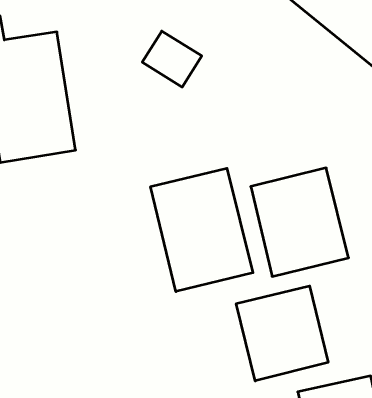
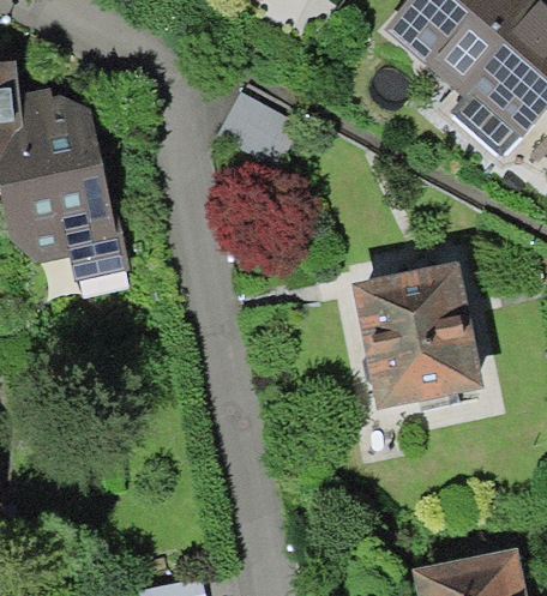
building: [151,168,253,292] -> none
building: [236,286,328,381] -> none

